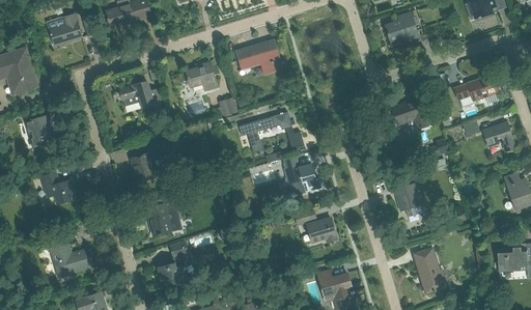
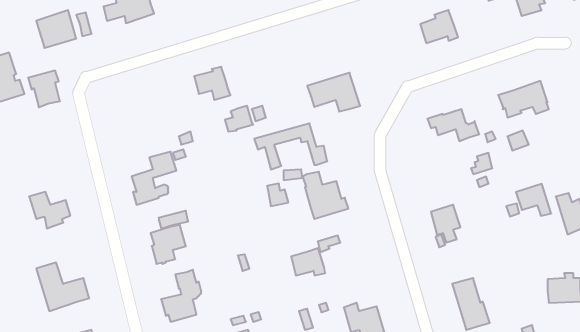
building: [235,39,282,74] -> [307,73,360,112]
building: [119,81,161,108] -> none
building: [25,115,53,147] -> [28,71,60,107]
building: [483,122,514,150] -> [516,184,551,216]
building: [306,218,336,242] -> [291,248,325,275]

